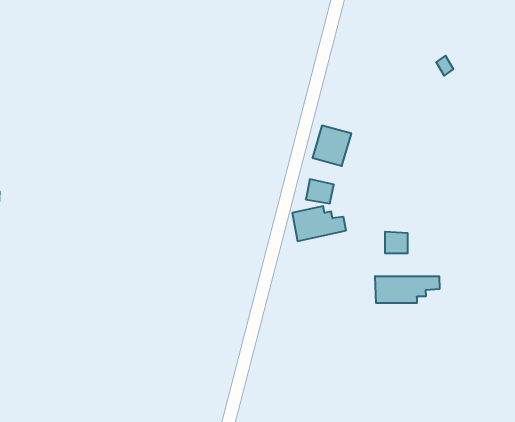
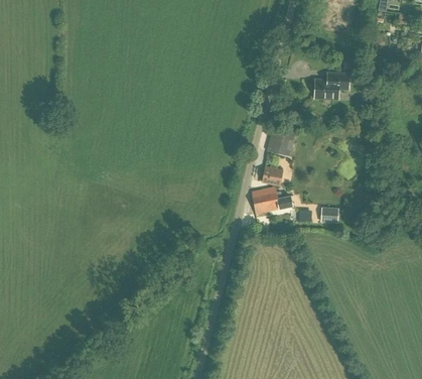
building: none -> [314,71,349,98]
building: [375,276,440,303] -> none

